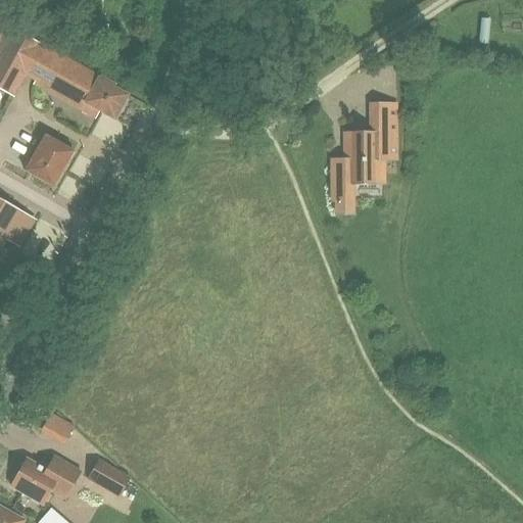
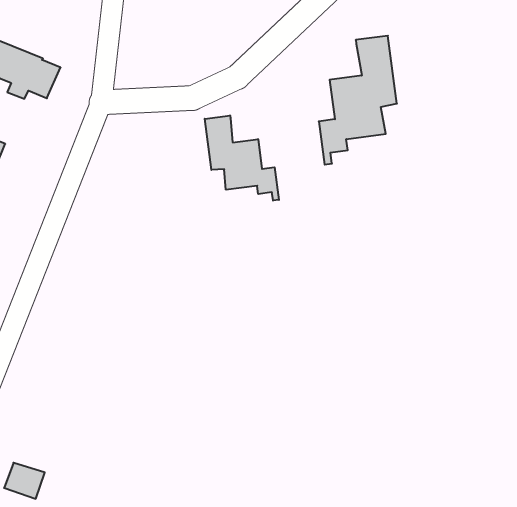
building: none -> [205,115,279,201]

